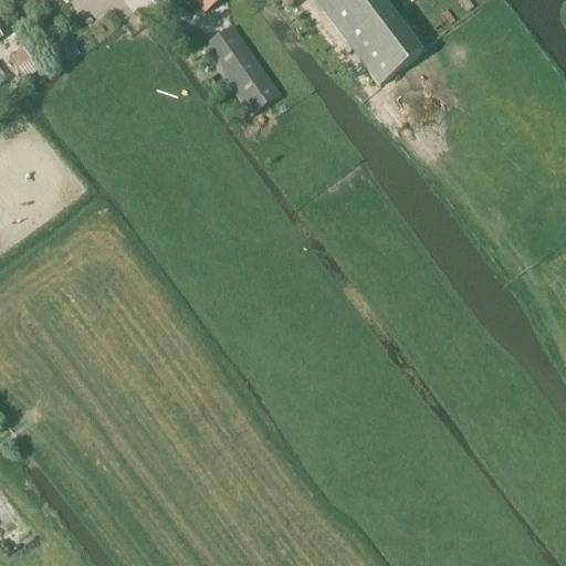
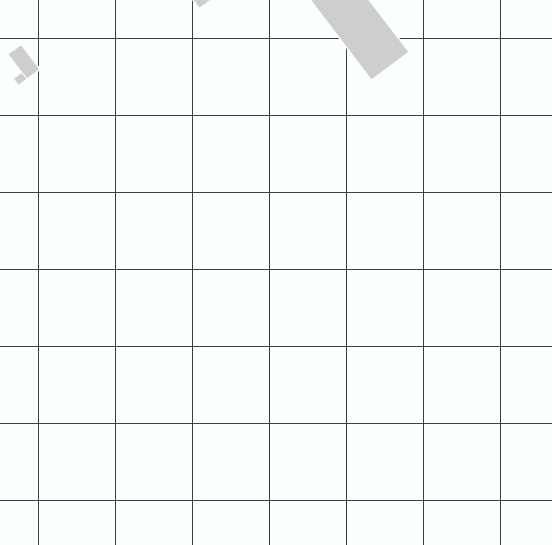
building: [206,24,280,112] -> none

